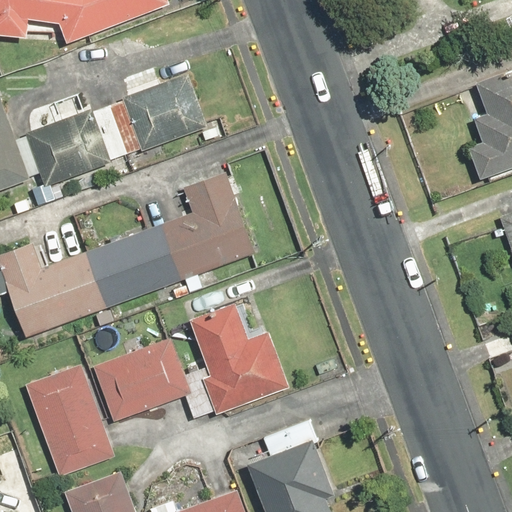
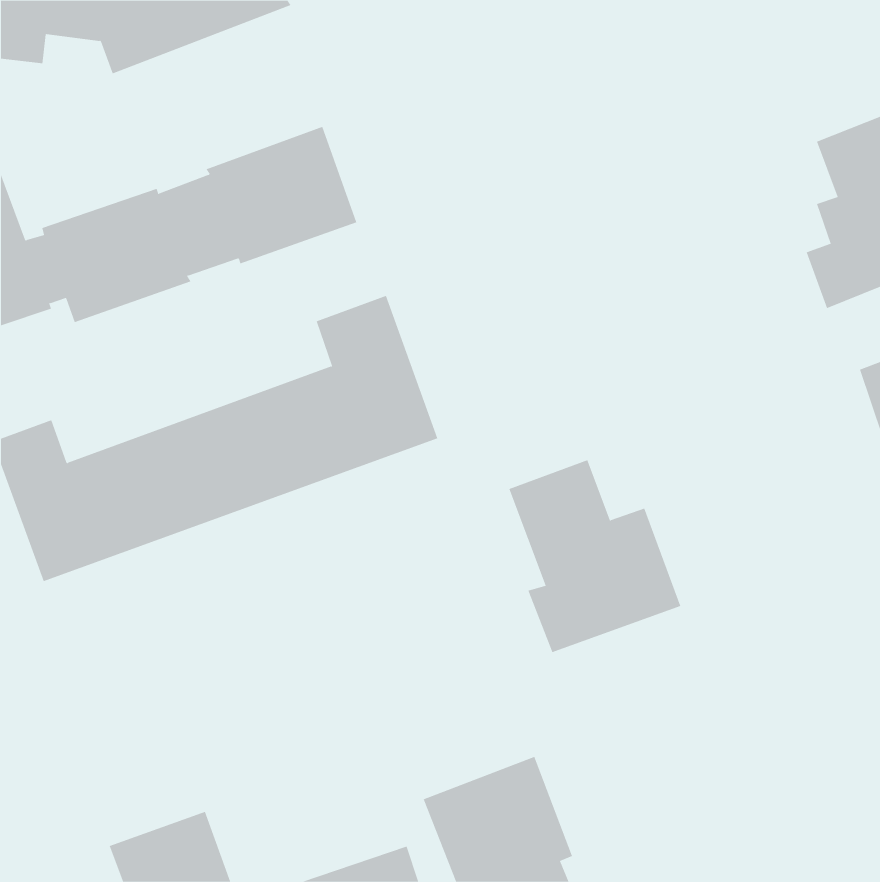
building: [189,302,289,414] -> [509,459,681,653]
building: [92,337,191,421] -> none
building: [24,363,114,477] -> none

